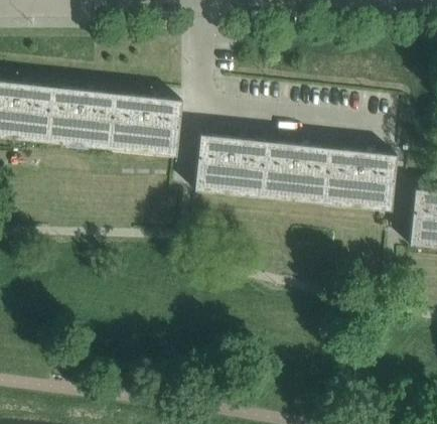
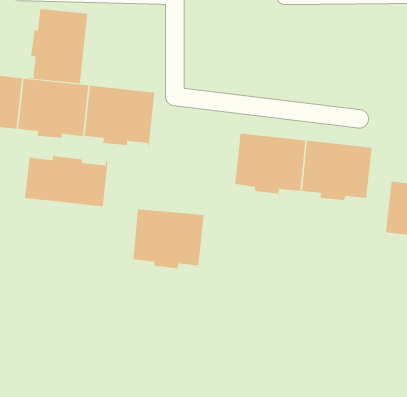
building: none -> [27,8,88,84]
building: [194,134,266,195] -> [132,209,205,271]
building: none -> [24,155,108,207]

